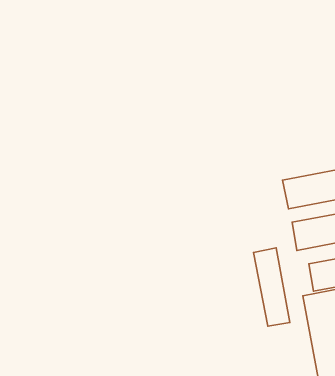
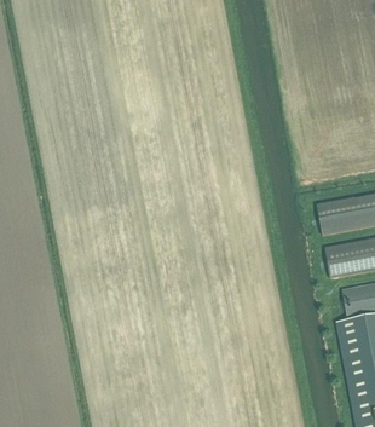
building: [254,248,290,326] -> none

